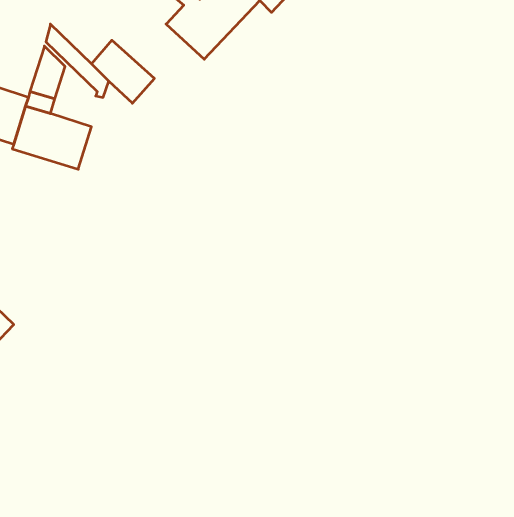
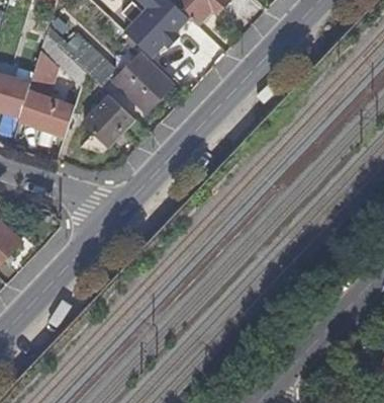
building: none -> [115,55,170,109]
building: none -> [82,94,133,146]

